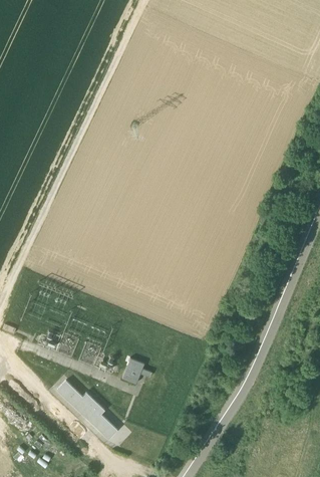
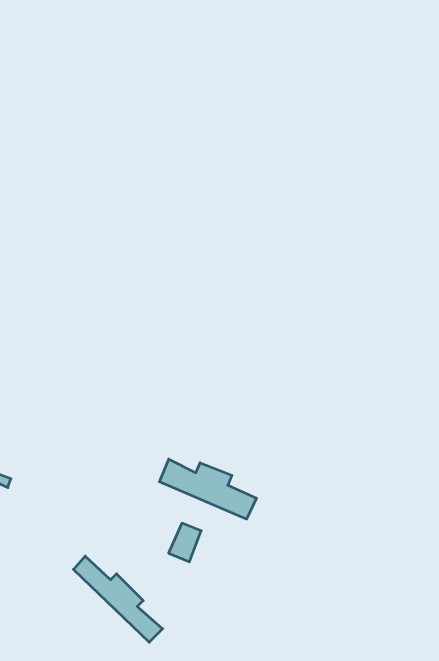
building: none -> [159,459,256,519]

